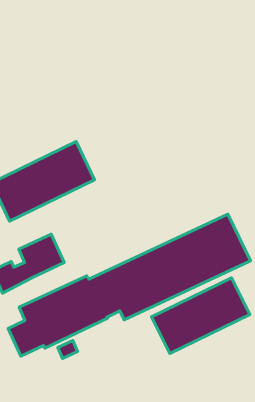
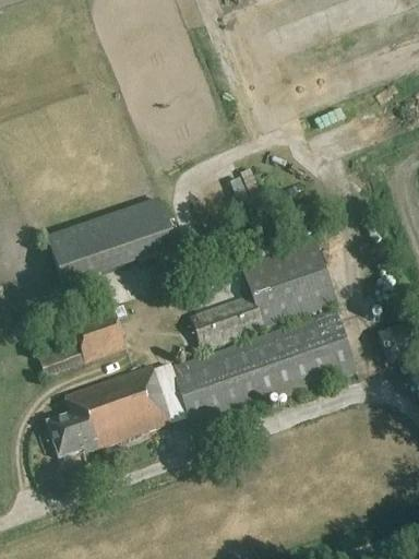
building: none -> [192,239,337,347]
building: [152,278,250,354] -> none

